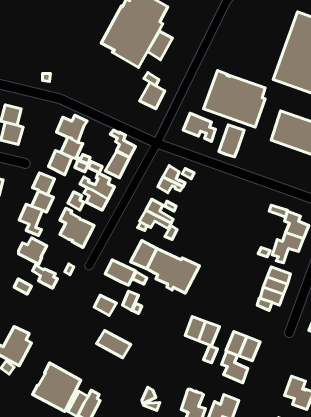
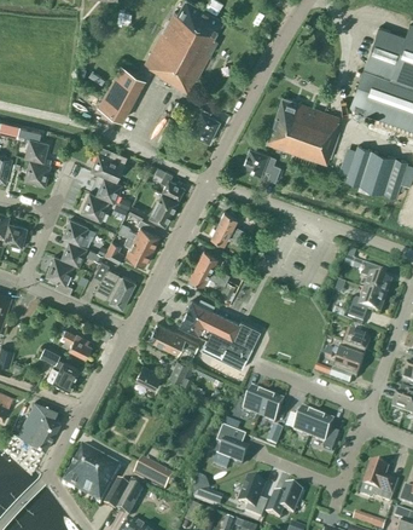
building: [148,31,172,60] -> none
building: none -> [98,65,145,119]
building: [219,125,244,157] -> none
building: [18,238,47,264] -> [48,362,82,393]
building: [97,330,131,358] -> [133,459,174,491]
building: [221,351,248,383] -> [216,427,248,465]

